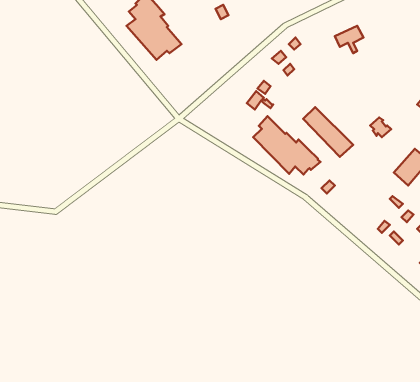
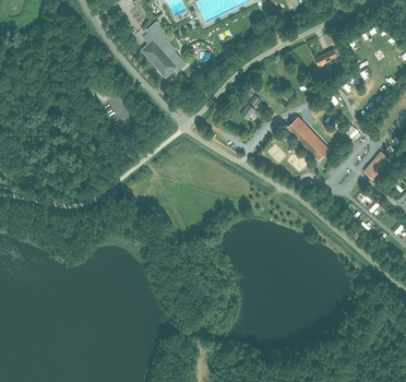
building: [253,116,321,174] -> none

